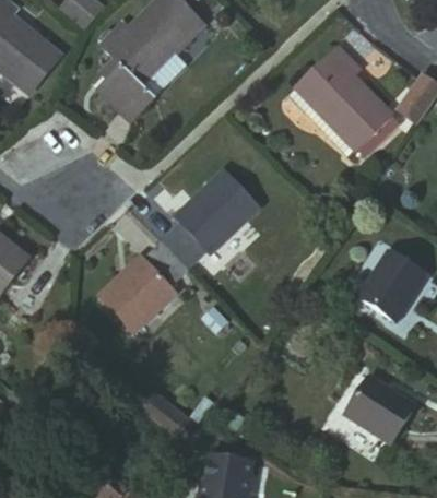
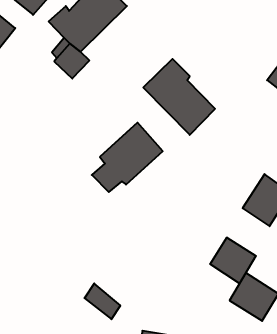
building: [288,51,385,153] -> [143,59,215,135]
building: [86,247,181,336] -> none
building: none -> [210,237,256,283]

